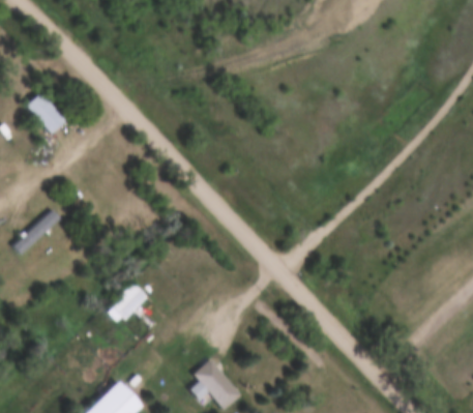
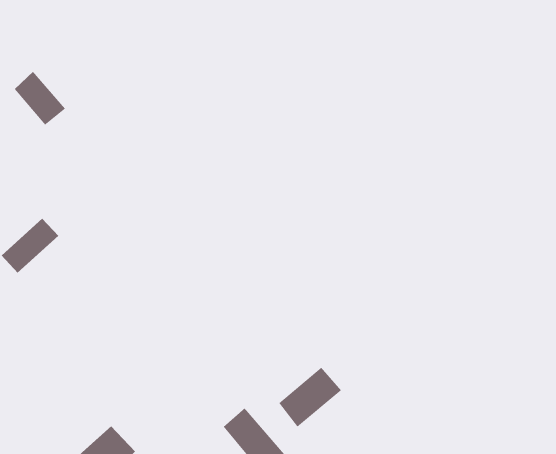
building: [106,284,150,325] -> none
building: none -> [278,367,342,428]

